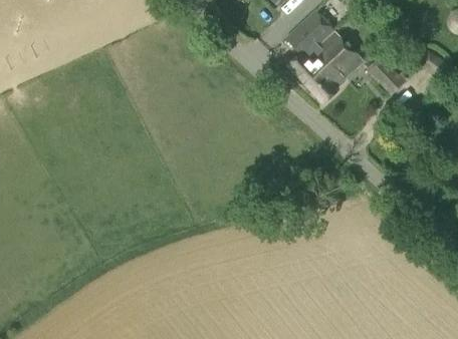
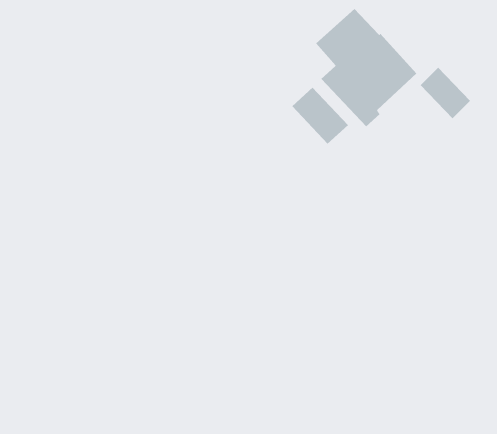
building: none -> [291,87,349,144]

